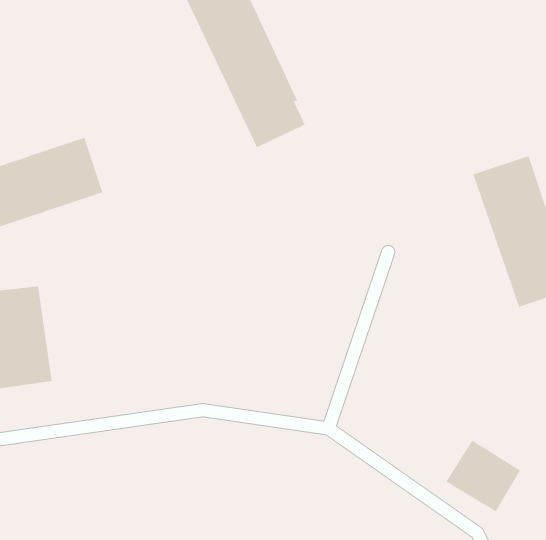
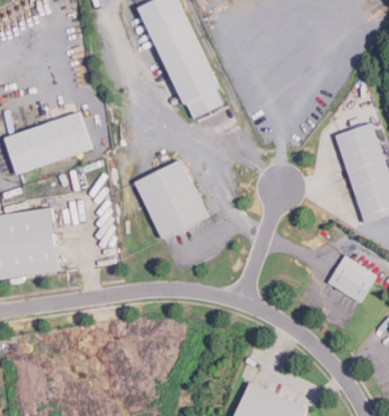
building: none -> [135,161,206,239]
building: [446,440,521,512] -> [325,256,374,303]

